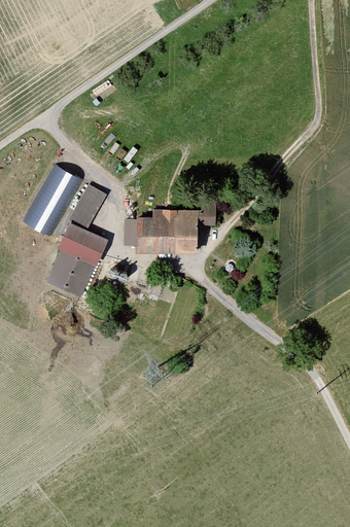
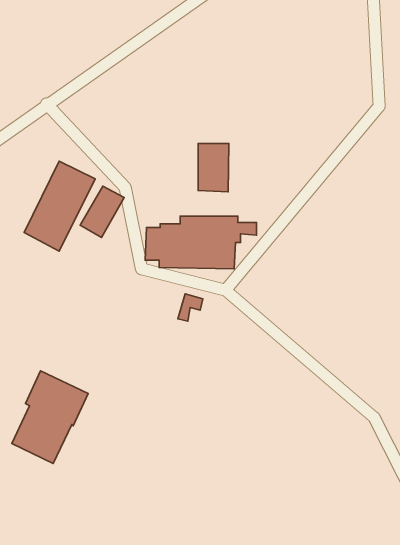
building: none -> [198,144,229,192]
building: [45,221,108,297] -> [12,371,88,463]

